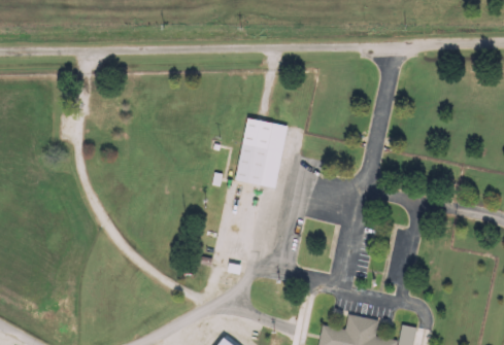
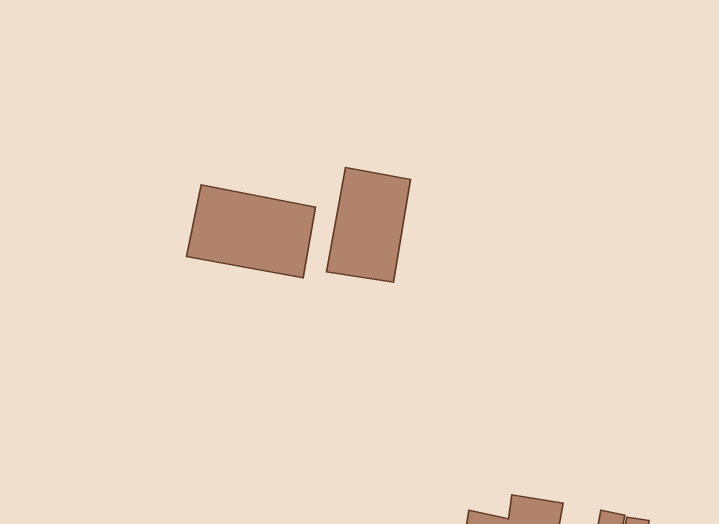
building: none -> [186,185,316,278]

